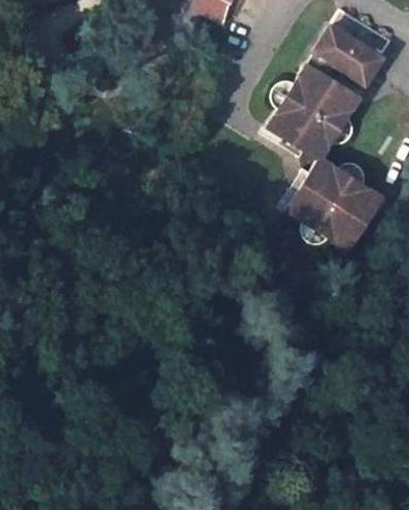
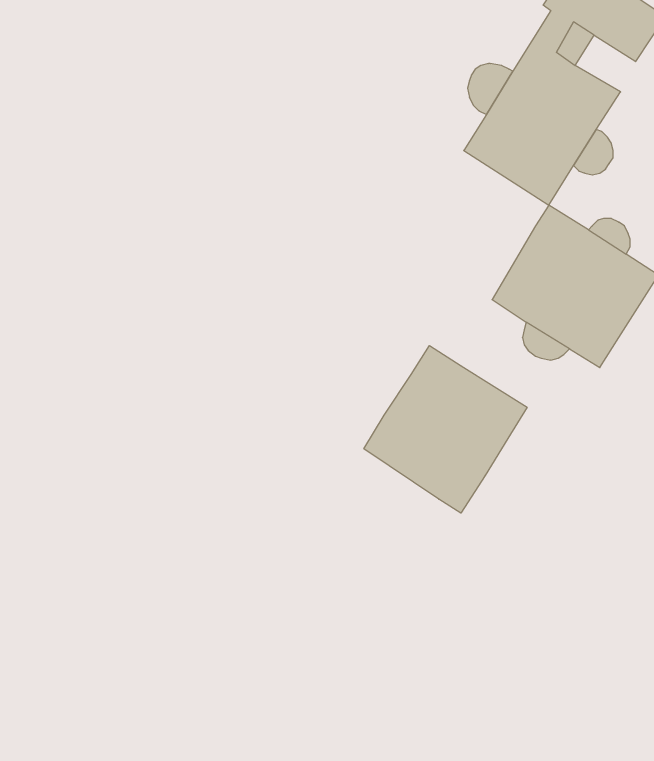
building: none -> [364,346,527,513]

